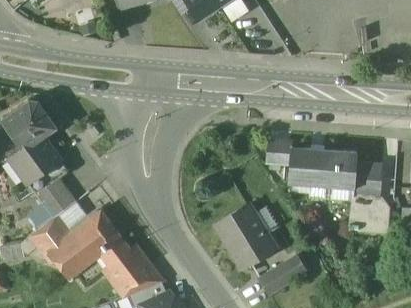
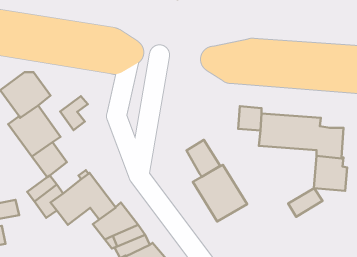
building: none -> [60,96,88,130]
building: none -> [186,140,220,177]
building: [262,260,300,292] -> [288,188,322,217]

